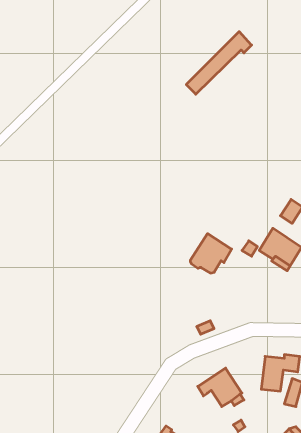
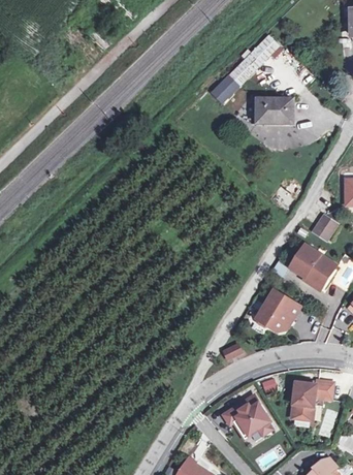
building: none -> [257,98,292,123]
building: [190,234,232,273] -> [255,291,299,334]

